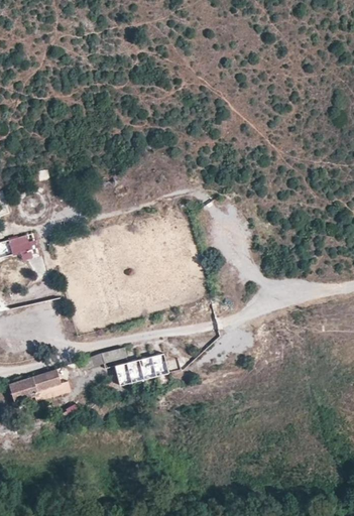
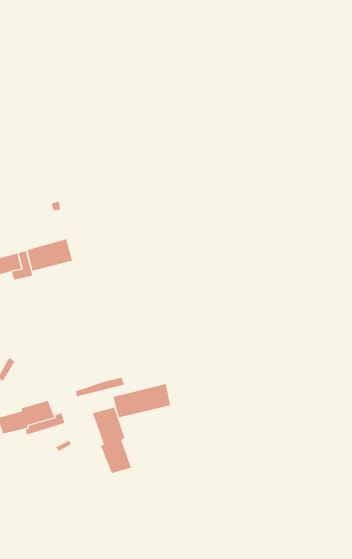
building: none -> [27,239,73,271]
building: none -> [92,407,132,474]

